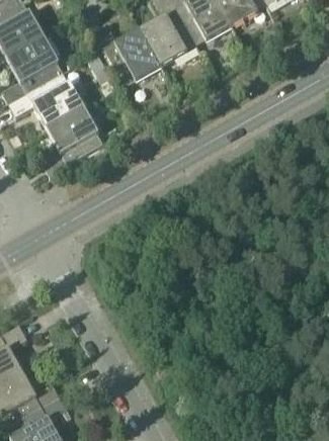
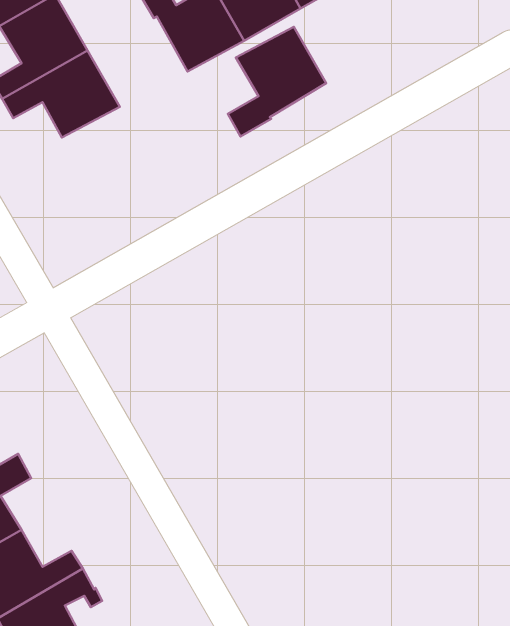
building: [40,106,102,175] -> [228,27,326,136]

